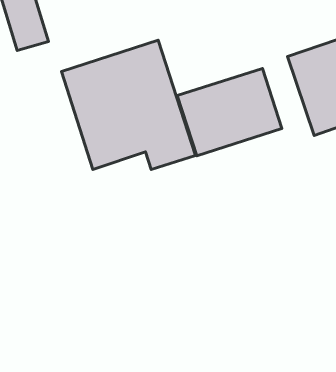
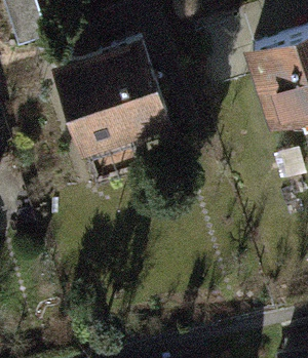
building: [177,69,282,156] -> none

